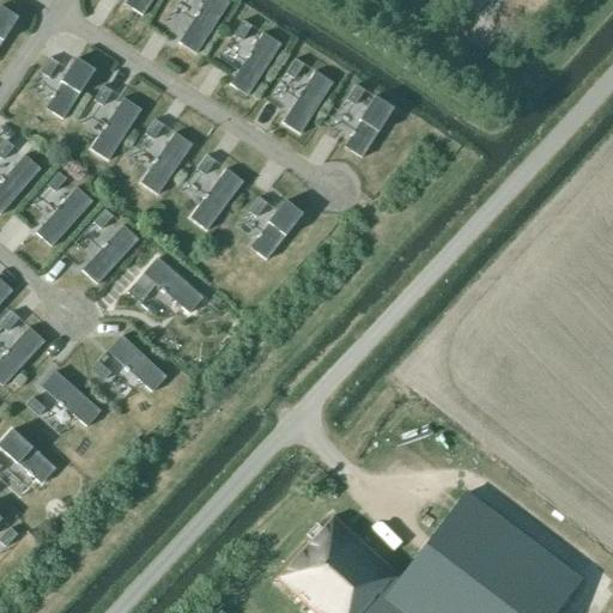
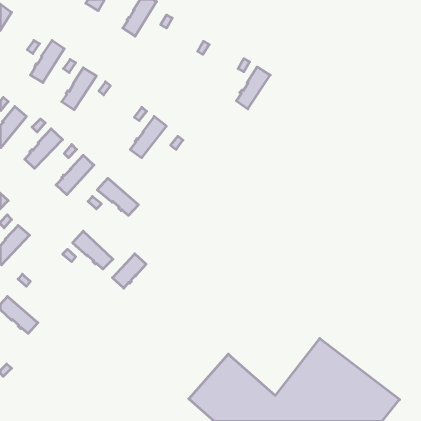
building: [231,32,280,95] -> none
building: [284,72,333,133] -> none
building: [138,132,189,192] -> none
building: [249,201,302,261] -> none
building: none -> [112,254,146,288]
building: [40,371,98,425] -> none

